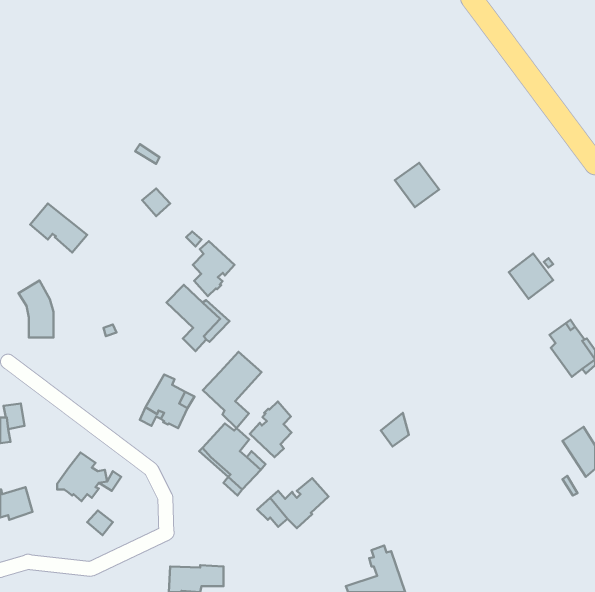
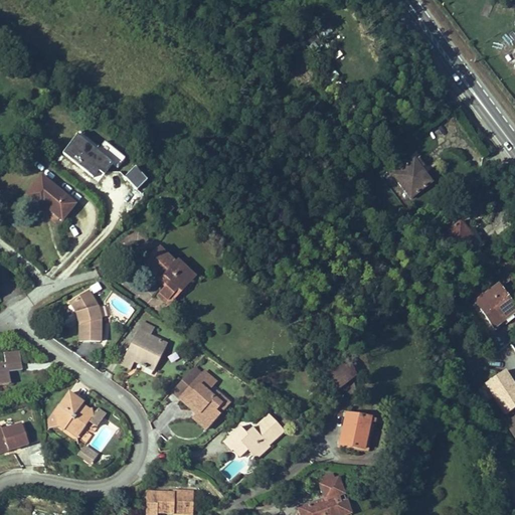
building: none -> [61,130,125,173]
building: [395,163,439,207] -> [393,158,432,196]
building: [193,241,234,296] -> none
building: [18,280,53,337] -> [70,290,101,339]
building: [203,352,262,428] -> none
building: [250,402,292,457] -> none
building: none -> [340,412,370,448]

